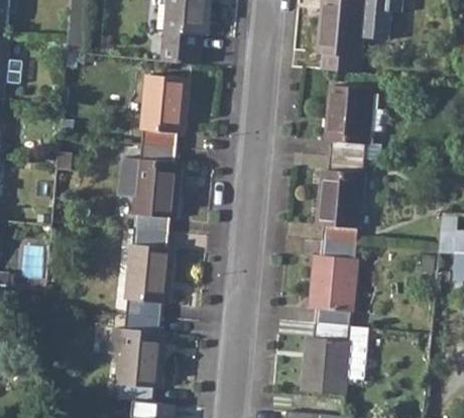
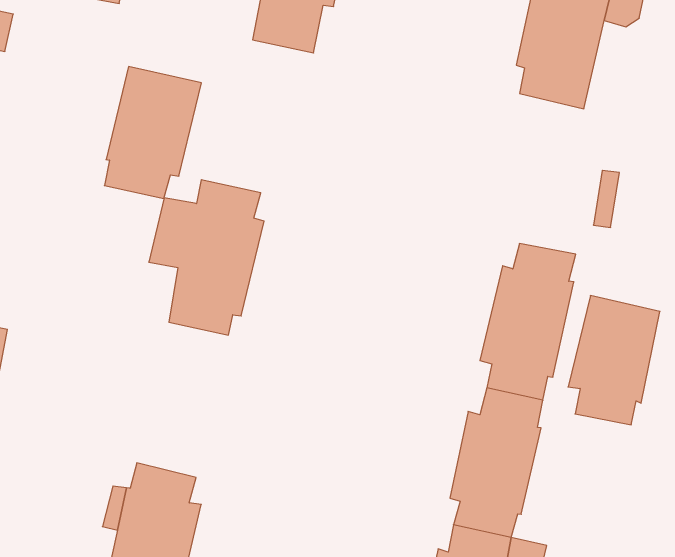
building: [141,72,191,145] -> [104,67,201,199]
building: [325,86,372,158] -> [568,296,660,425]
building: [125,227,175,315] -> none

